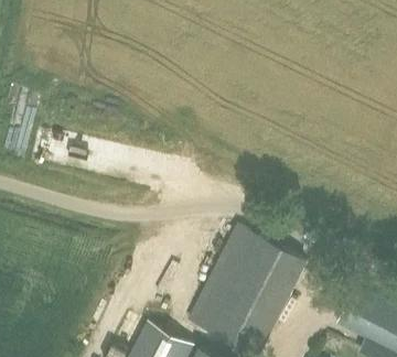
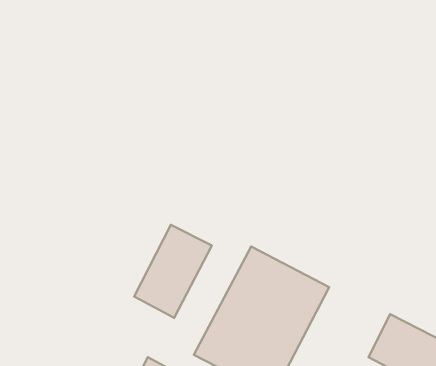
building: none -> [134,225,212,318]

